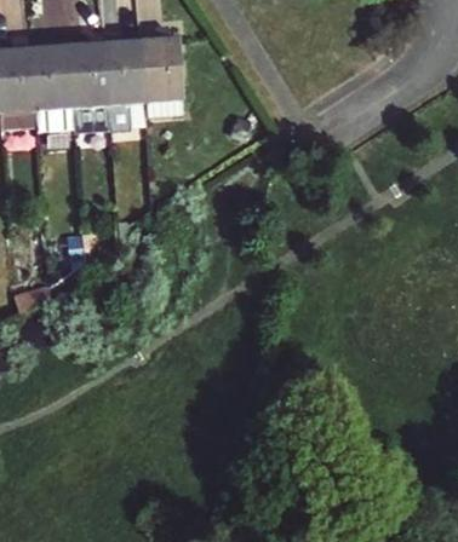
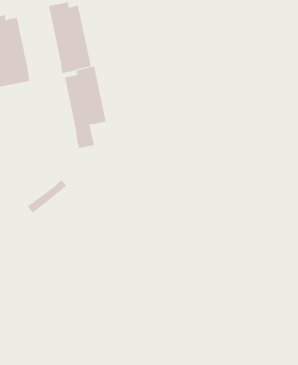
building: [103,35,145,128] -> [64,66,106,148]

